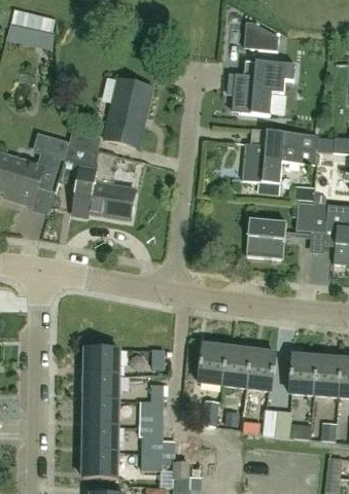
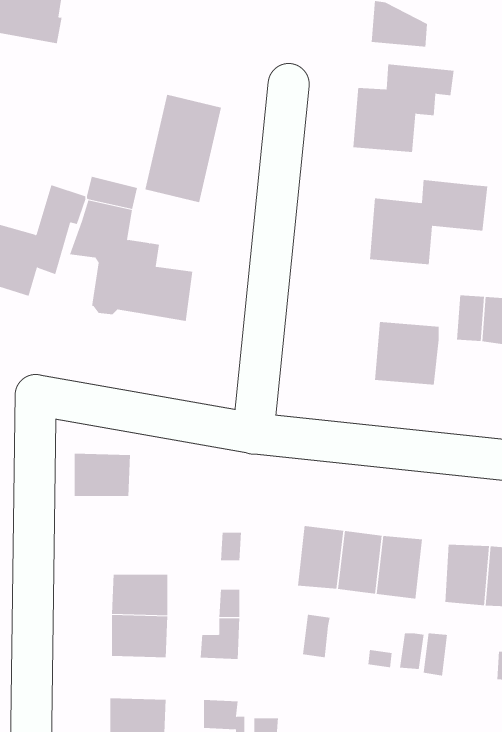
building: [84,347,119,374] -> [74,453,131,497]
building: [82,424,117,451] -> none
building: [138,425,162,452] -> none

